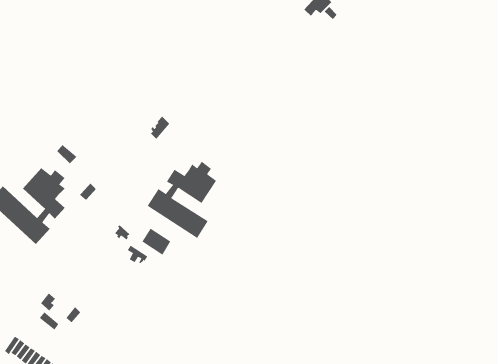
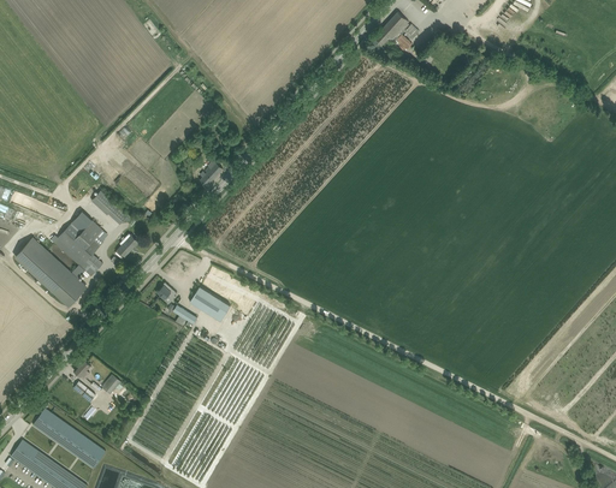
building: [147,161,217,239] -> none

